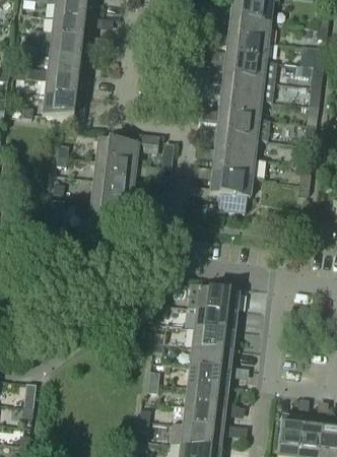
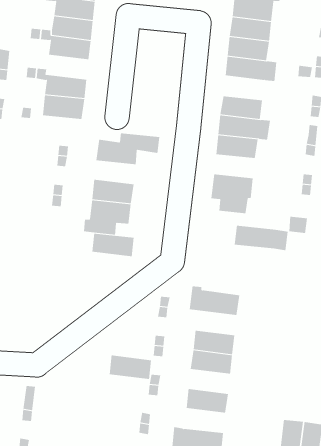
building: [47,55,89,79] -> none
building: [221,75,273,101] -> none
building: [212,153,266,179] -> [234,225,288,251]
building: [93,159,136,183] -> [91,233,134,257]
building: [194,308,235,332] -> none
building: [187,366,229,390] -> [109,355,152,380]
building: [183,404,224,429] -> none

